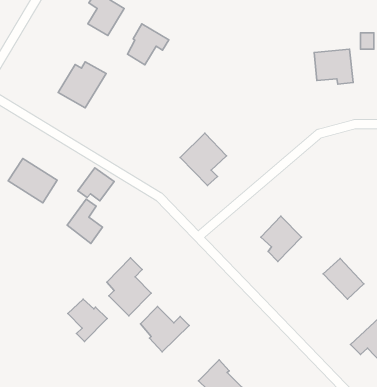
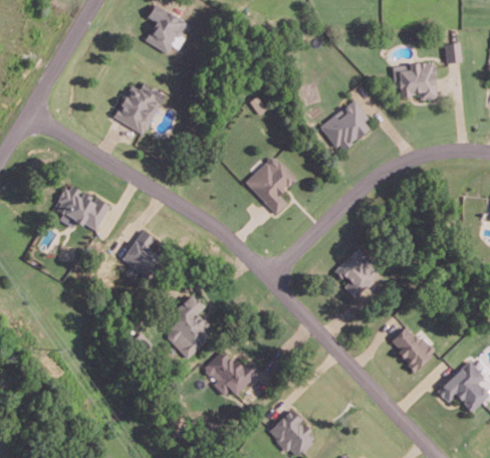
building: [128,24,169,65] -> none
building: none -> [321,101,371,153]
building: [78,168,114,201] -> none
building: [323,258,364,299] -> [388,325,433,371]
building: [68,299,107,342] -> none

